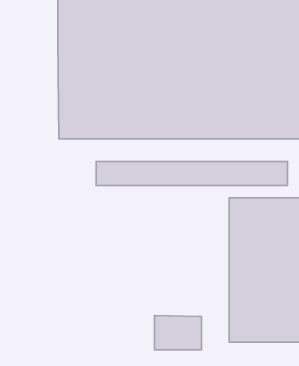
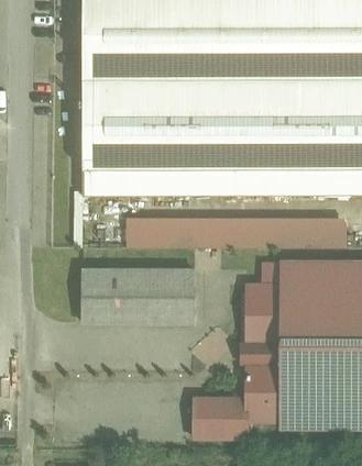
building: none -> [81,269,194,323]
building: none -> [244,285,278,414]

